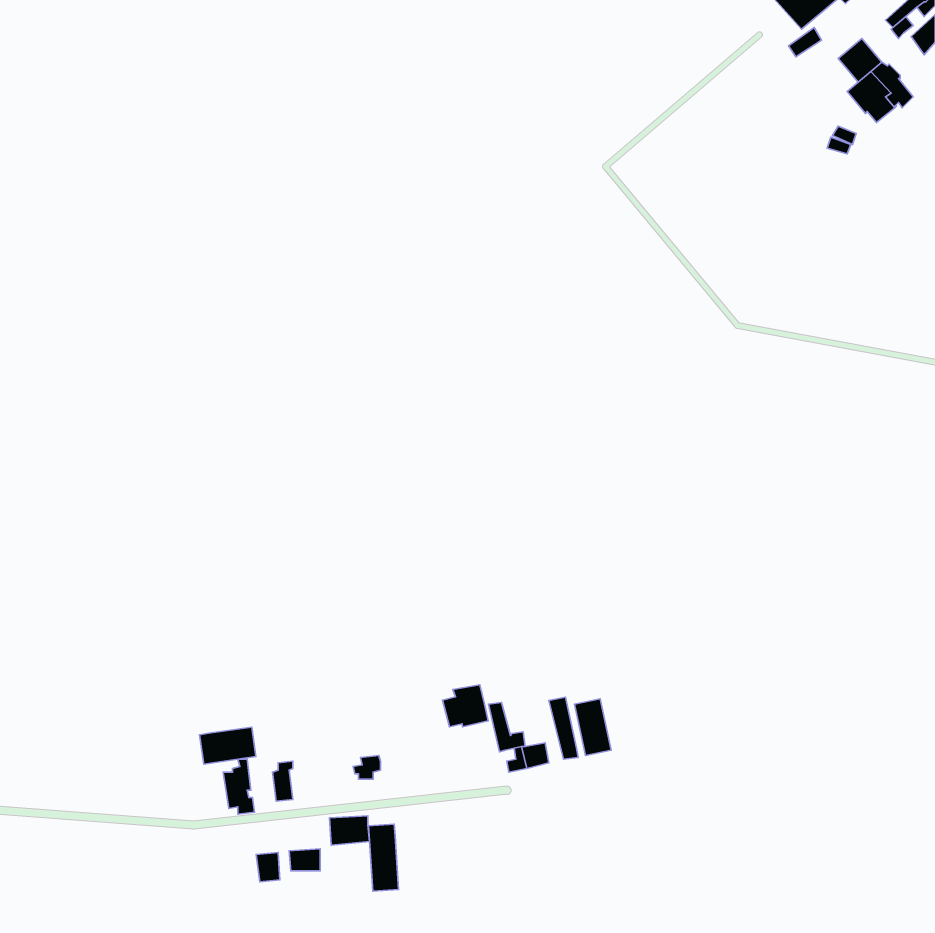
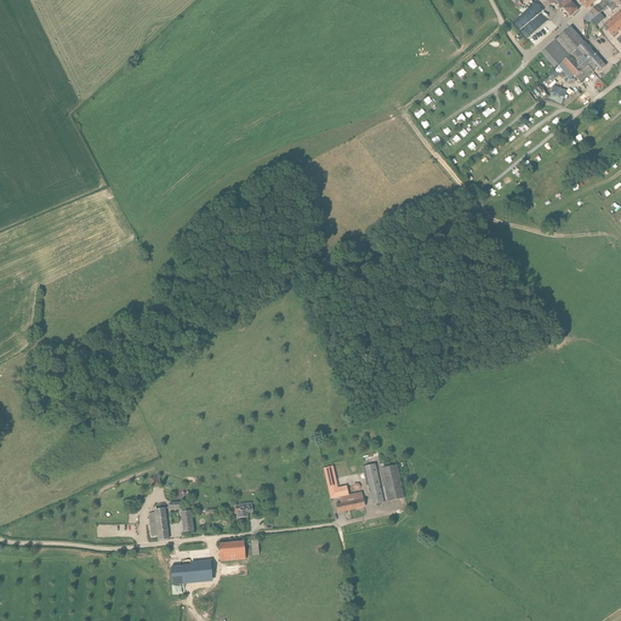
building: [443,685,488,727] -> none
building: [200,727,256,764] -> none
building: [369,824,399,891] -> none

